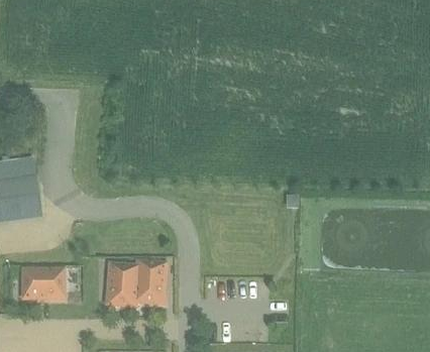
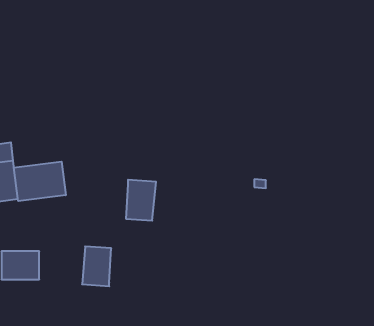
building: none -> [14,162,66,201]
building: [135,261,167,304] -> [126,180,156,221]

